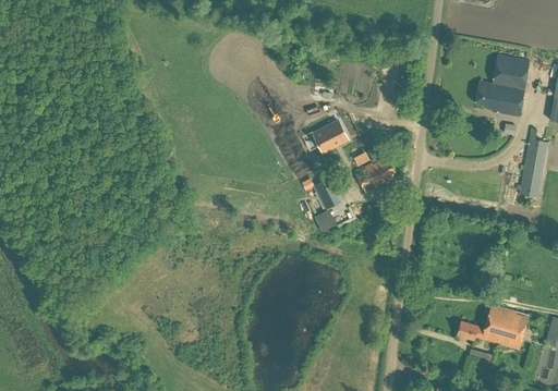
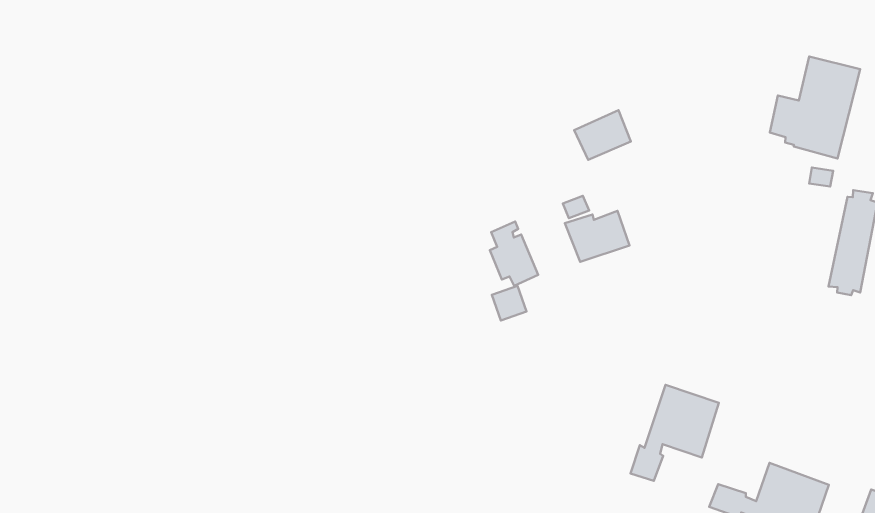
building: [314,120,349,151] -> [574,110,631,160]
building: none -> [630,385,719,481]

